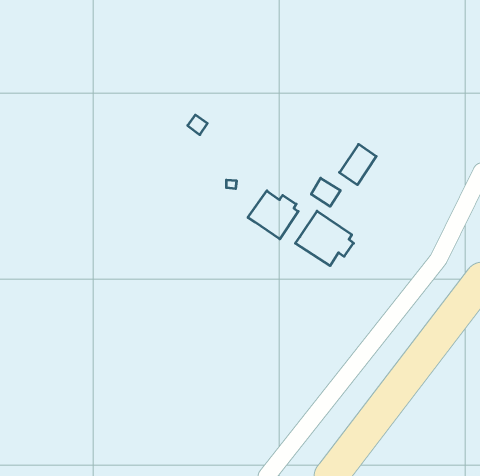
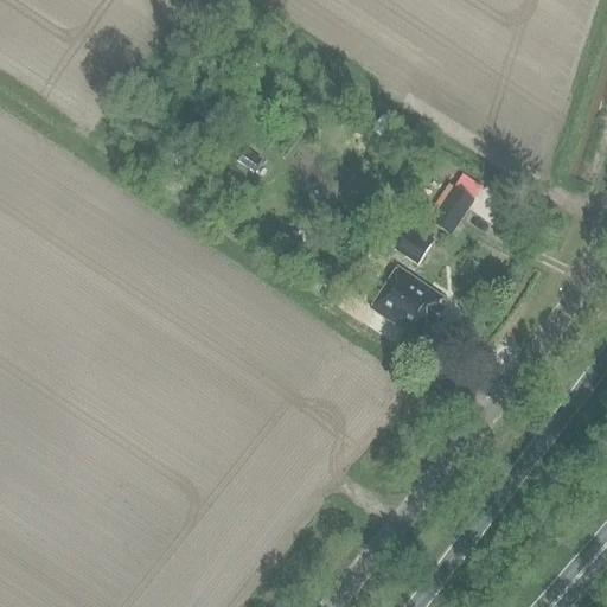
building: [248,191,298,239] -> none

